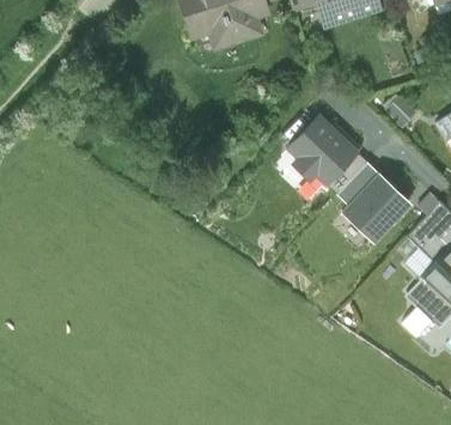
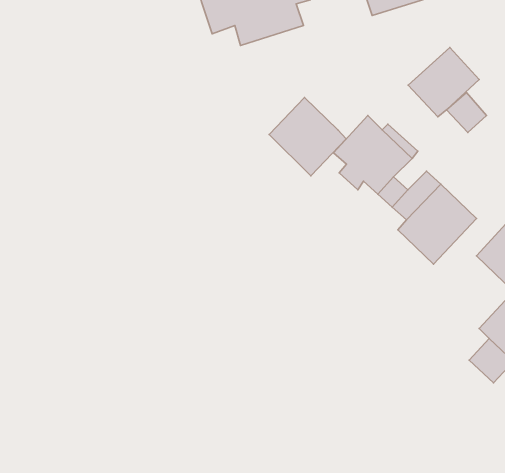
building: none -> [408,48,479,117]
building: none -> [269,98,346,176]

